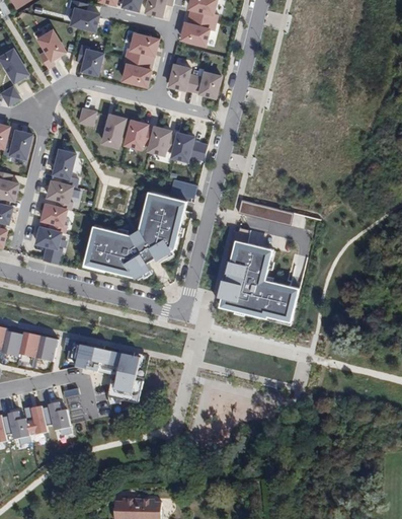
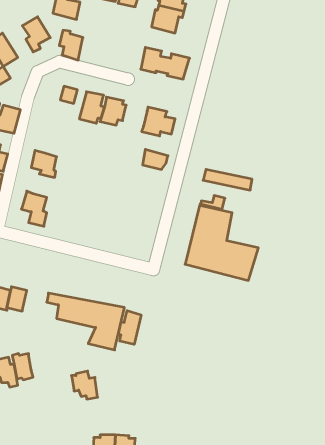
building: [120,31,159,88] -> none
building: [147,125,175,156] -> none
building: [52,147,80,187] -> none
building: [81,191,185,279] -> none
building: [39,202,67,232] -> none
building: [35,336,59,362] -> none
building: none -> [119,311,141,344]
building: [43,402,72,434] -> [71,371,98,399]

